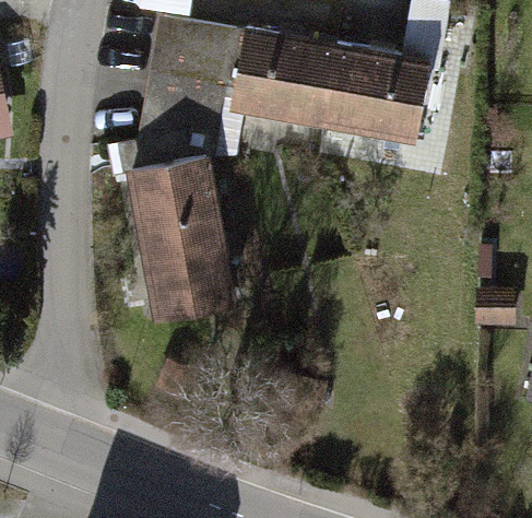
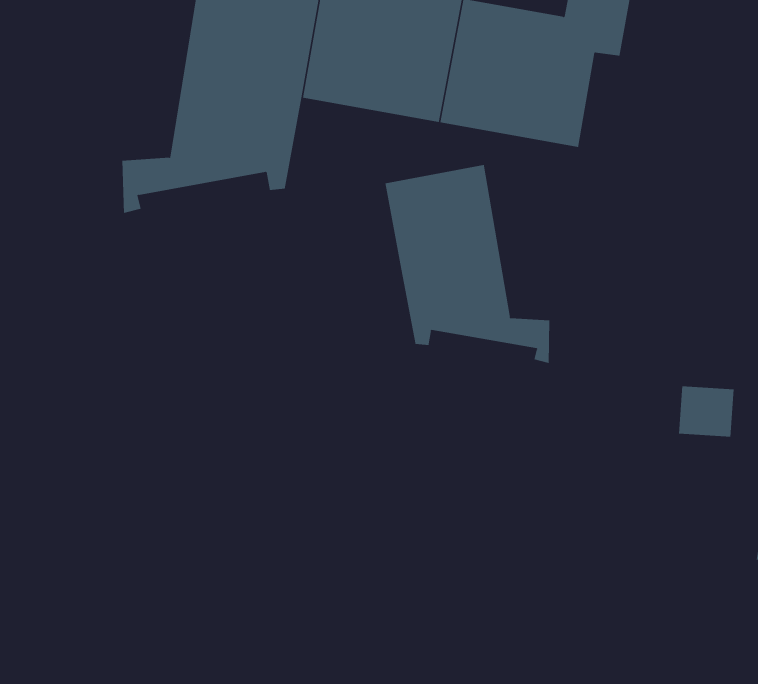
building: none -> [385,164,550,364]
building: [122,155,234,316] -> none

